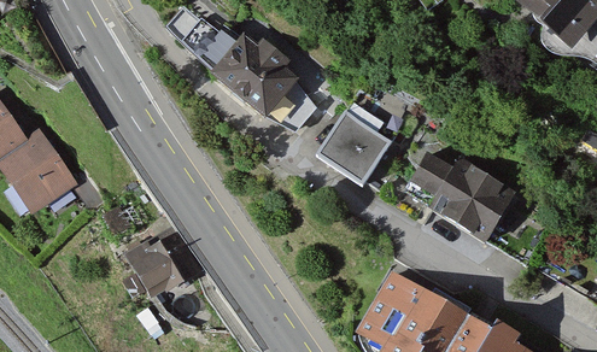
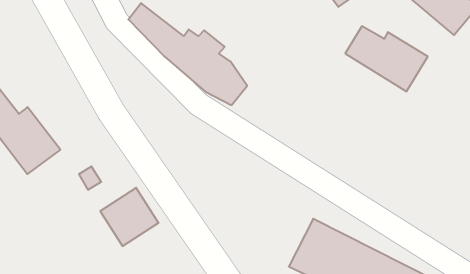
building: [312,88,403,186] -> none
building: [408,156,510,236] -> [345,26,428,91]

